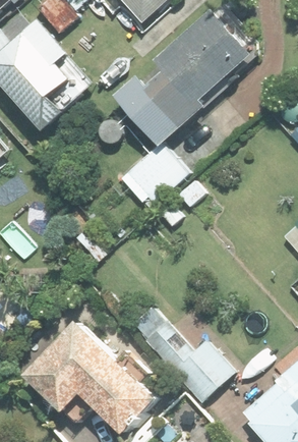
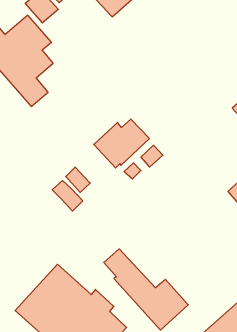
building: [116,12,251,148] -> none

